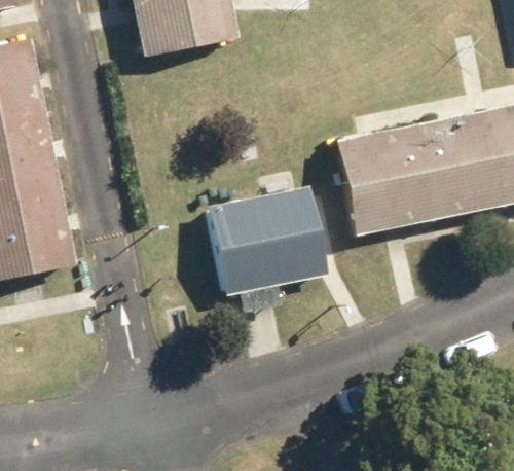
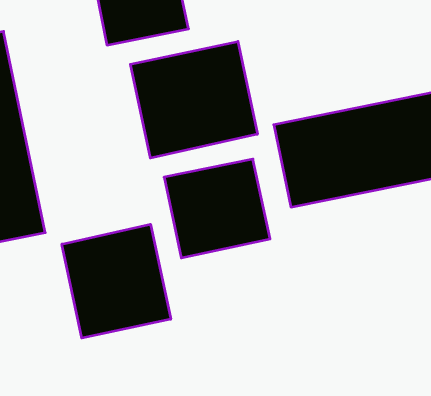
building: none -> [130,41,257,158]
building: none -> [62,224,171,338]

